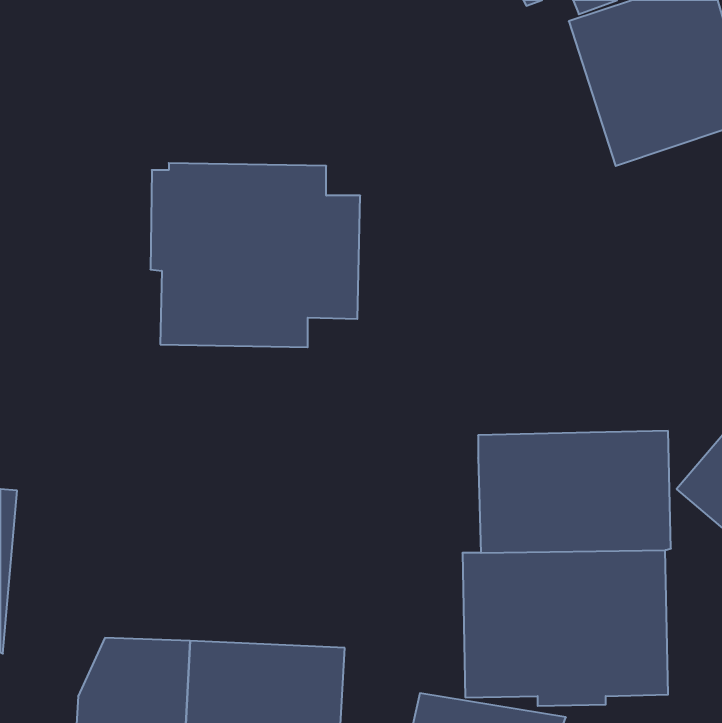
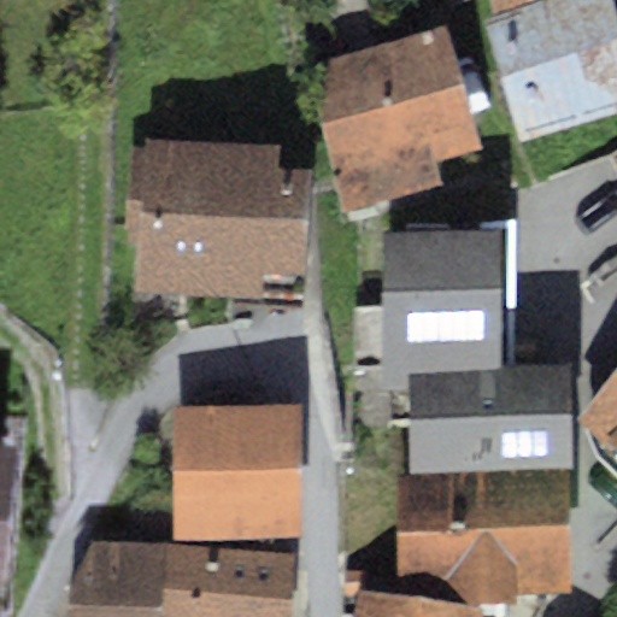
building: none -> [306,24,484,211]
building: none -> [382,230,504,390]
building: none -> [172,404,304,540]

